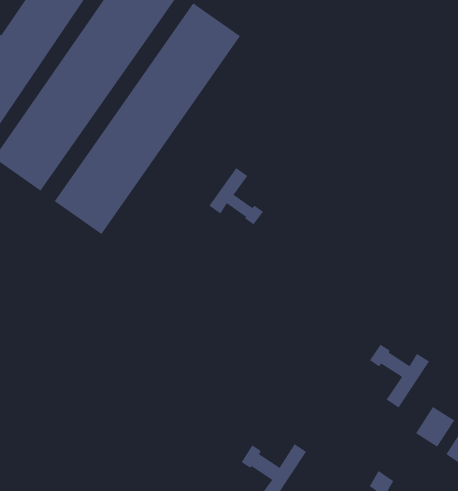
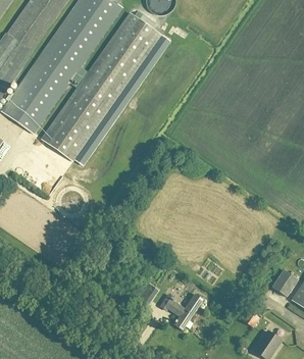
building: [208,167,264,225] -> none
building: [369,344,431,409] -> none

